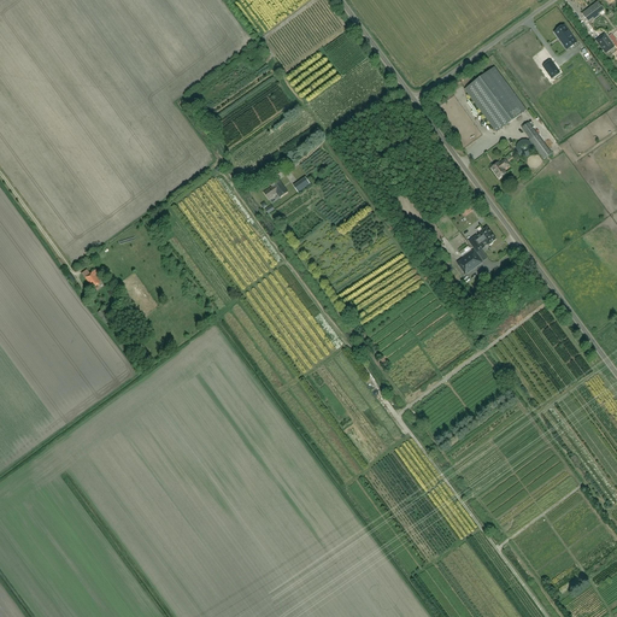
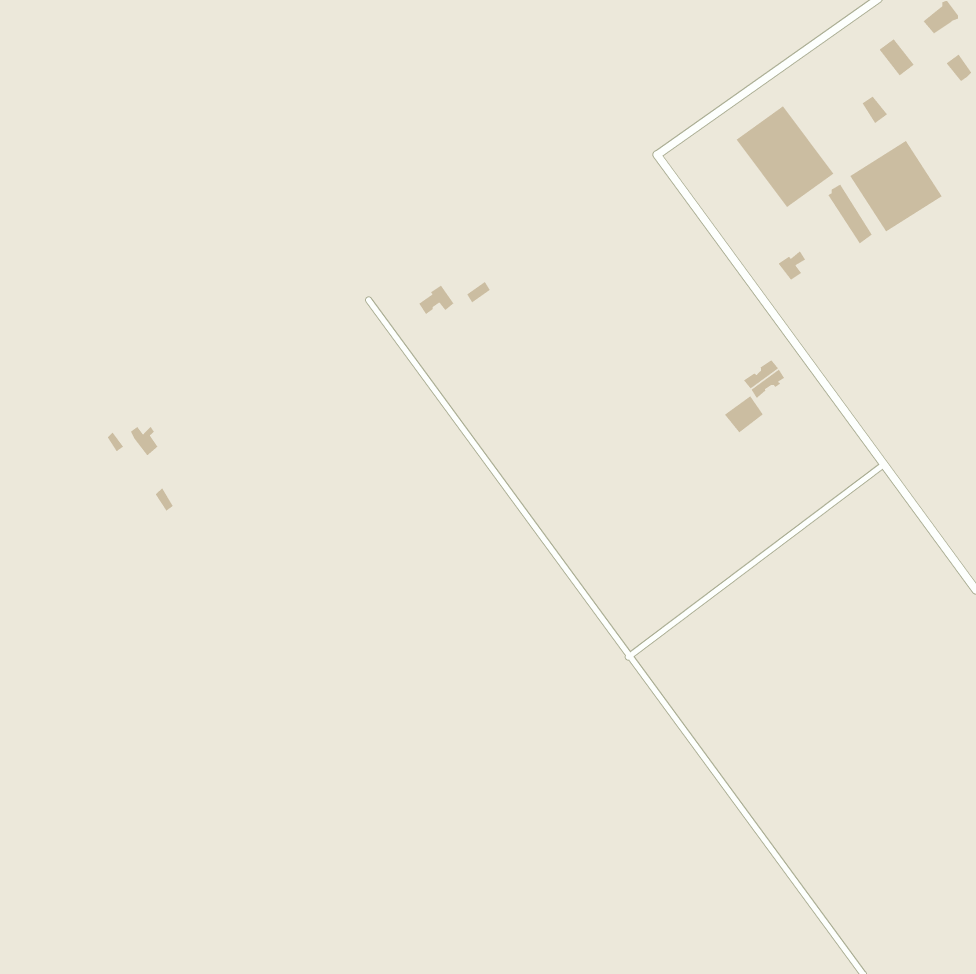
building: none -> [849,140,943,232]

